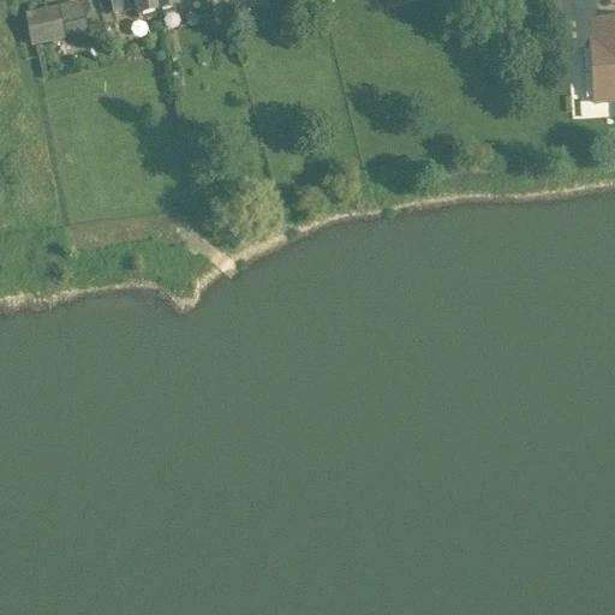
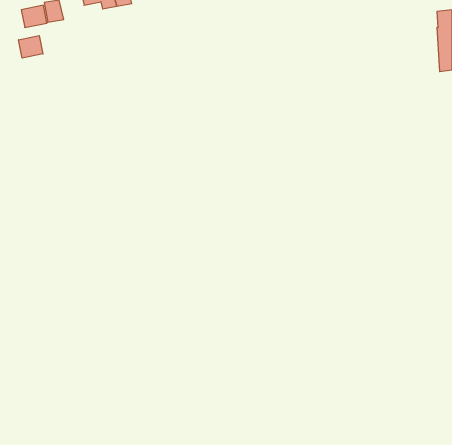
building: none -> [19,36,43,58]

